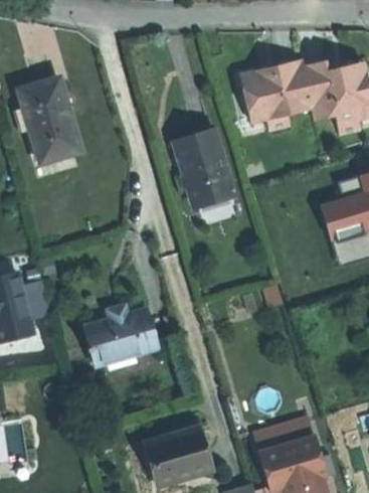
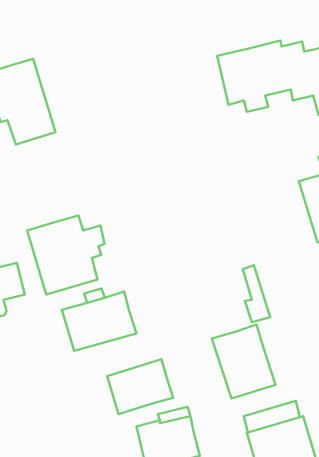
building: [171,134,230,208] -> none
building: none -> [27,215,105,294]
building: none -> [212,324,276,398]
building: none -> [107,359,173,414]

